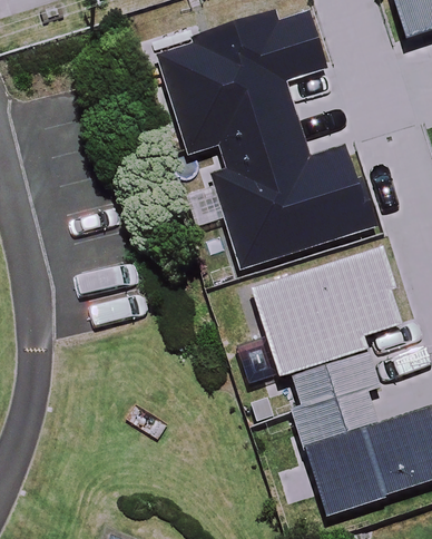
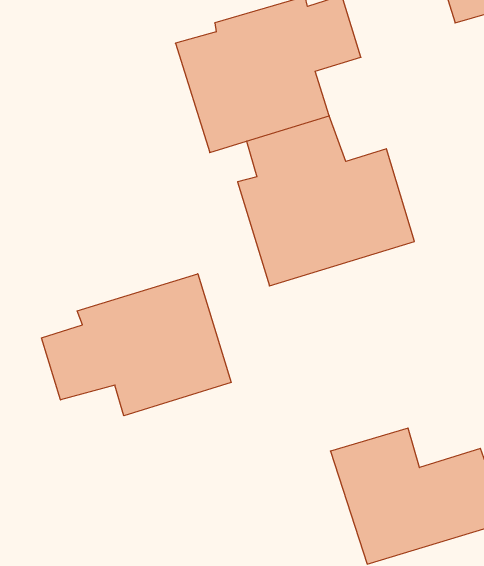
building: [255,251,396,411] -> none
building: none -> [42,274,231,416]

